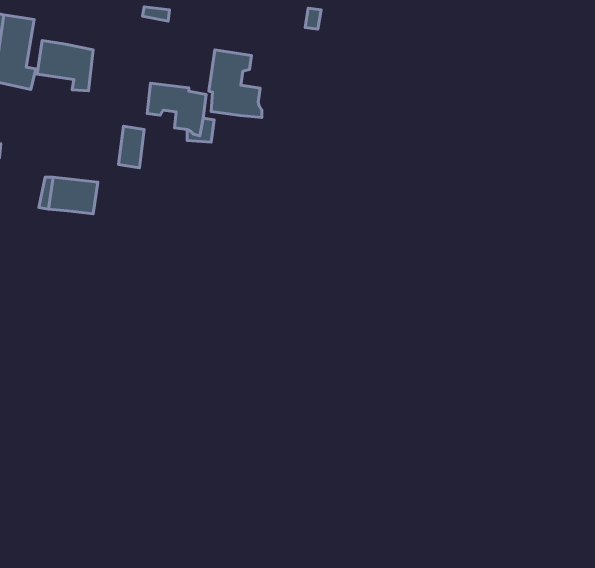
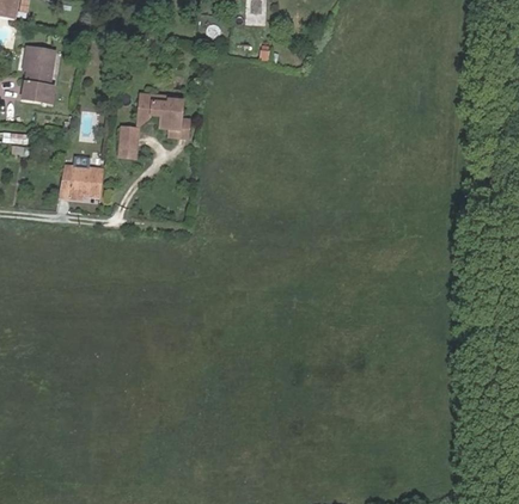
building: [37,41,93,91] -> none
building: [209,50,262,117] -> none

